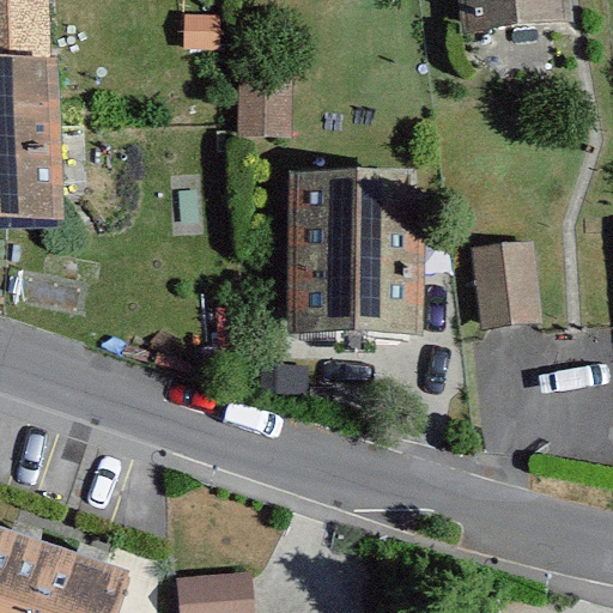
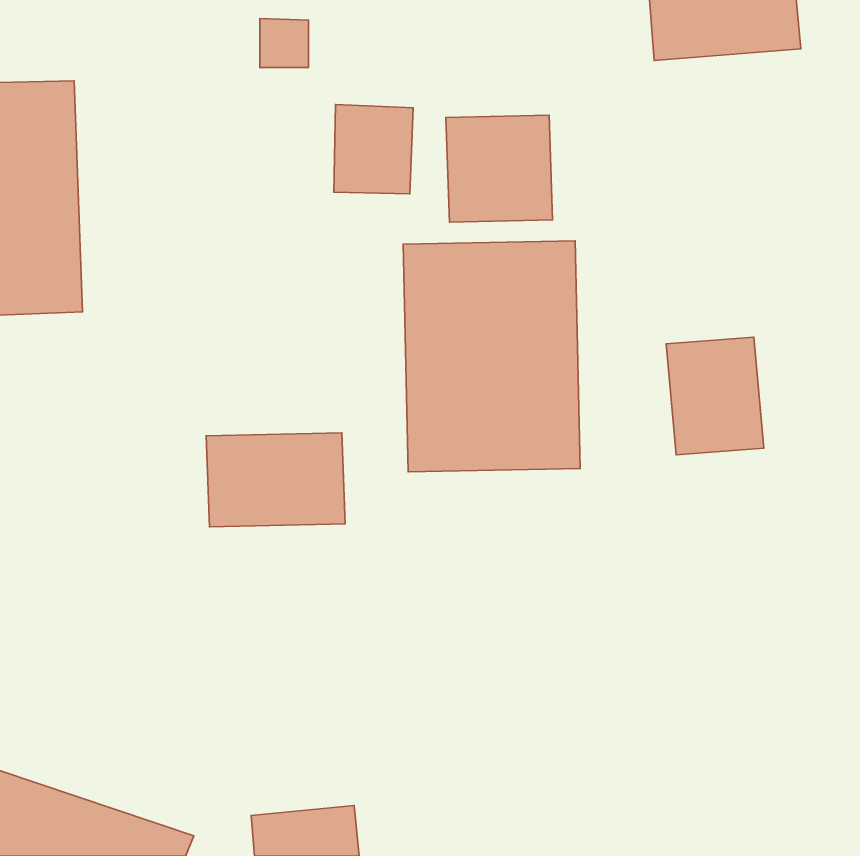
building: none -> [446,115,553,222]
building: none -> [206,433,345,527]

